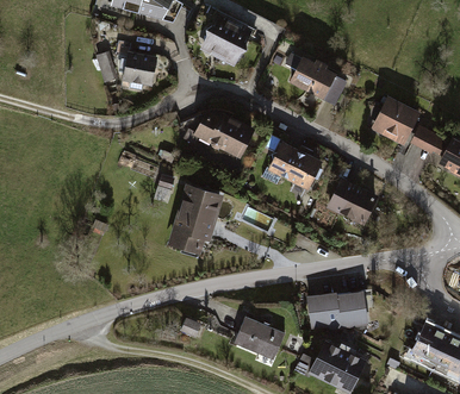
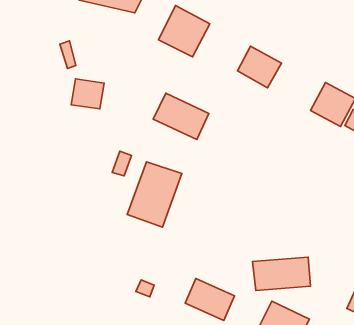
building: [123,52,160,86] -> [71,79,104,109]
building: [268,140,327,193] -> none
building: [328,179,380,226] -> none

